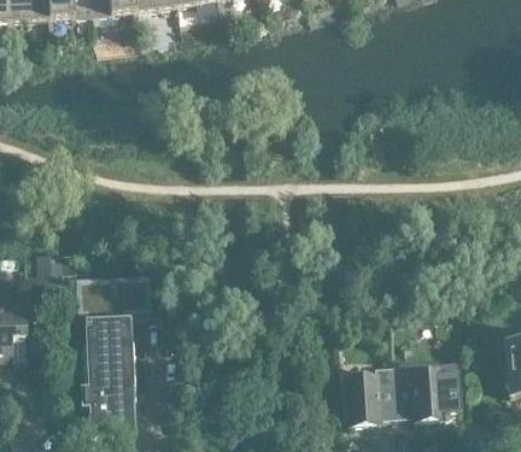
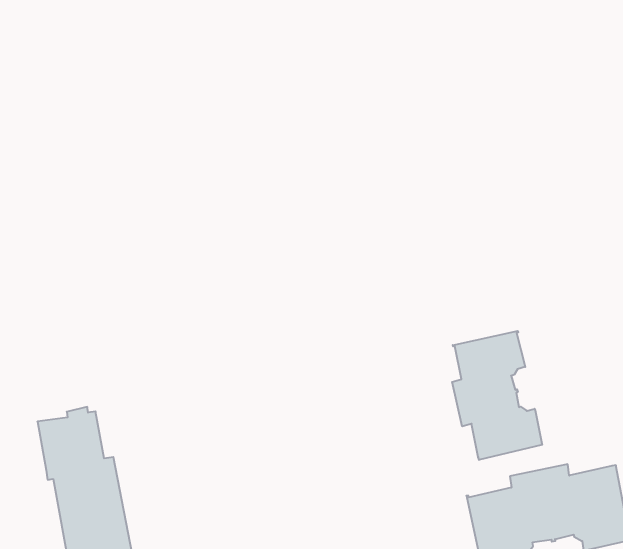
building: none -> [452,331,542,460]

